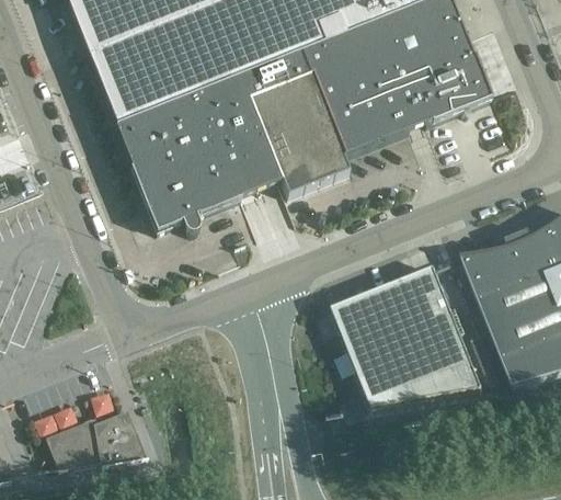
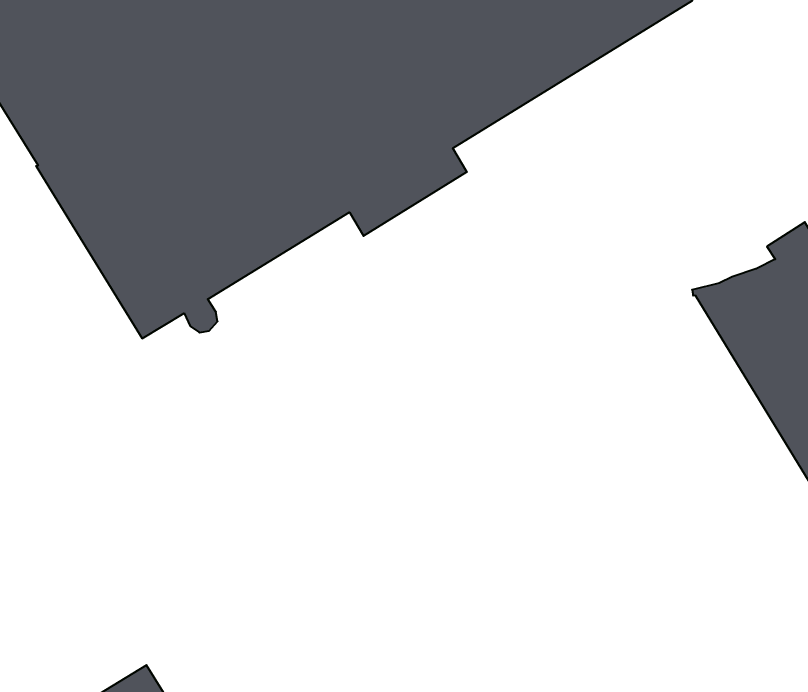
building: [332,264,482,405] -> none

